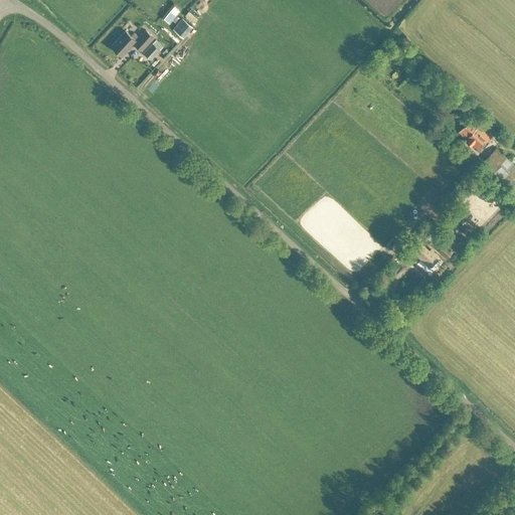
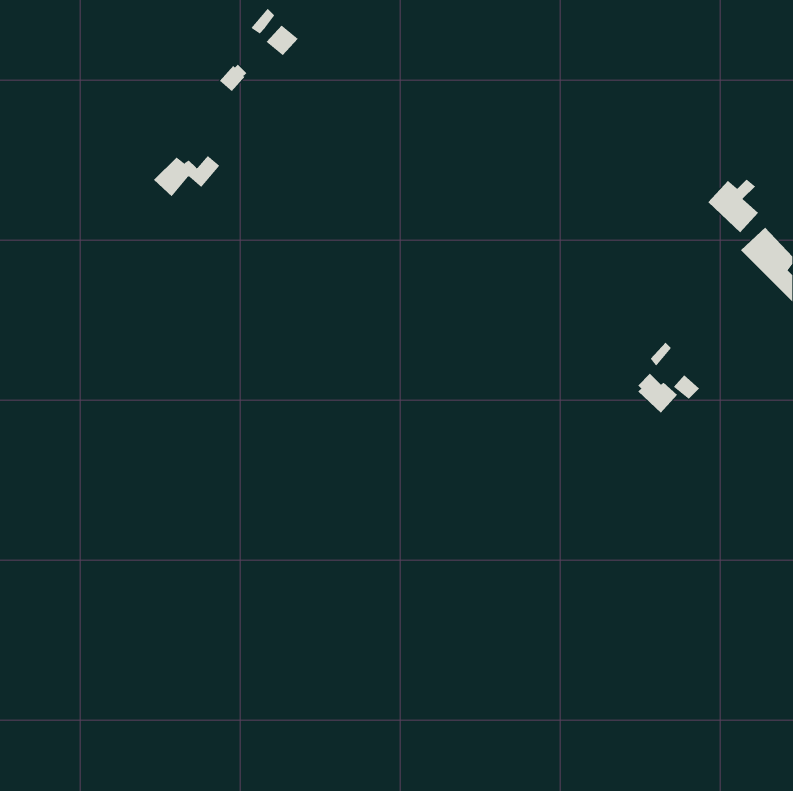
building: [110,31,153,58] -> [153,155,220,197]

